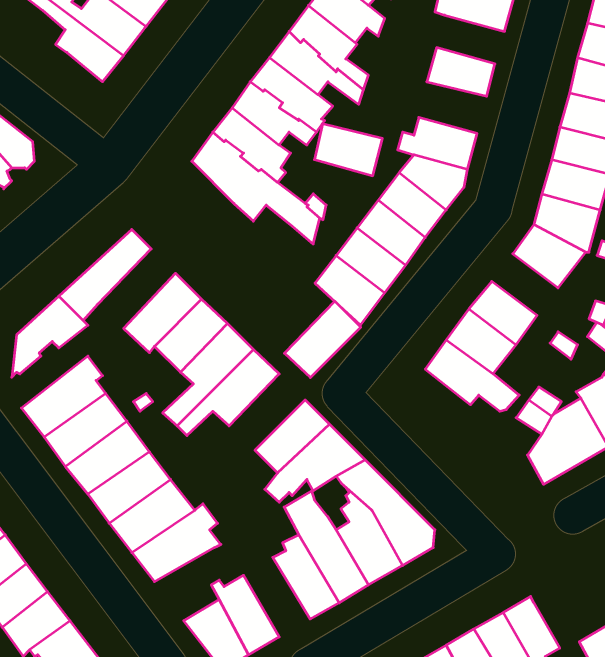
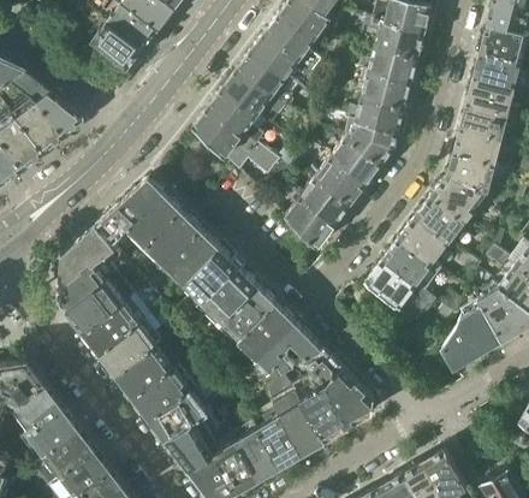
building: none -> [374,20,424,57]
building: [314,124,382,176] -> [361,70,411,108]
building: none -> [123,194,180,253]
building: none -> [415,197,464,243]
building: [284,301,361,378] -> [220,286,277,343]
building: none -> [59,250,120,312]
building: none -> [165,414,222,469]
building: none -> [231,417,280,481]

